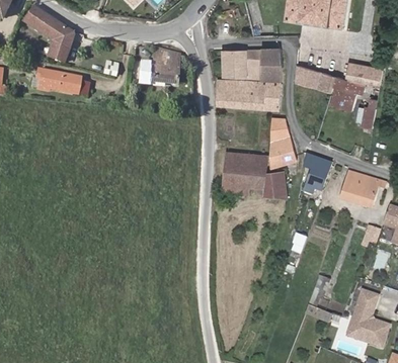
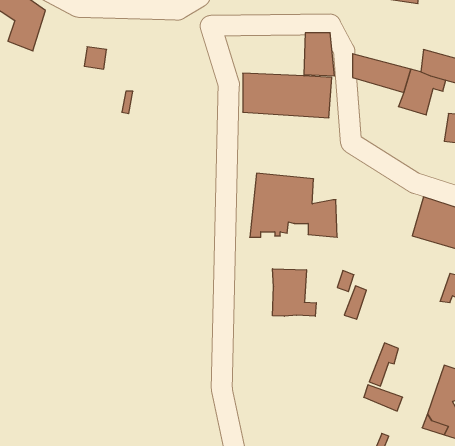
building: [140,47,179,83] -> none
building: [222,49,262,79] -> none
building: [48,68,81,95] -> none
building: [269,116,298,168] -> none
building: [304,152,332,188] -> none
building: none -> [273,269,316,316]

